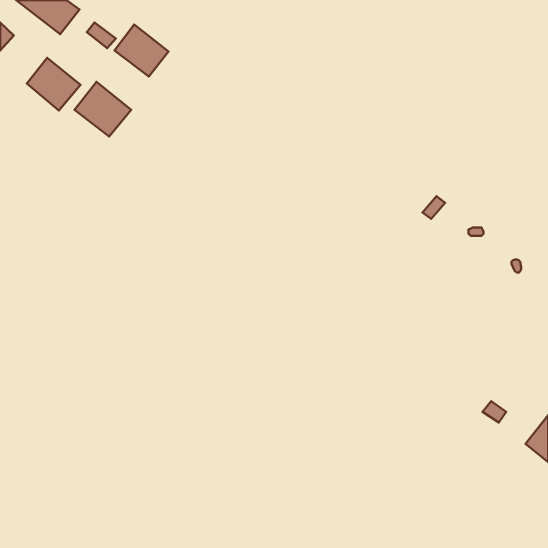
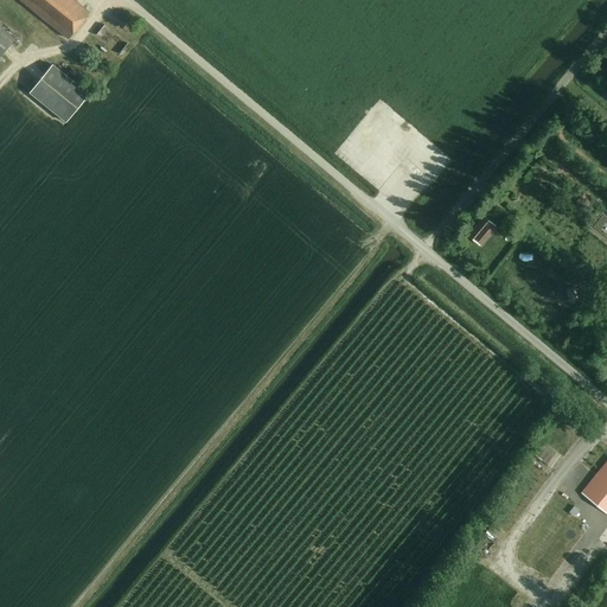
building: [115,25,169,76] -> none
building: [75,82,131,137] -> none

